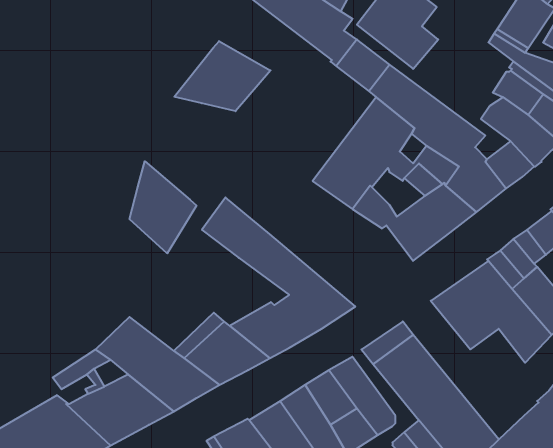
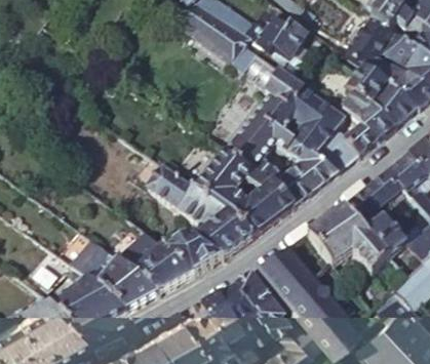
building: [174,41,271,111] -> none
building: [129,161,196,253] -> none
building: none -> [196,152,296,239]

